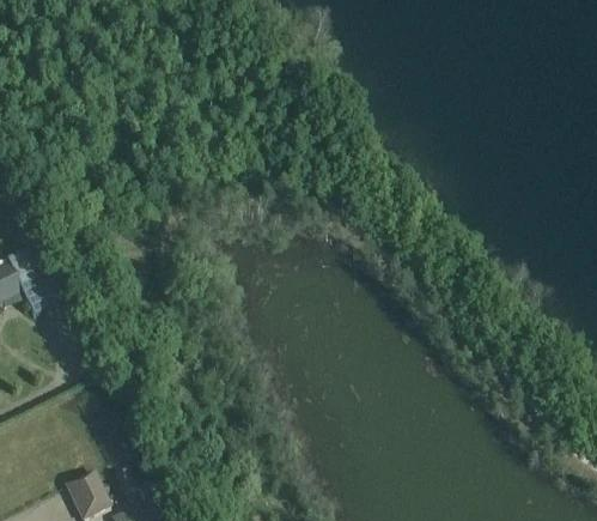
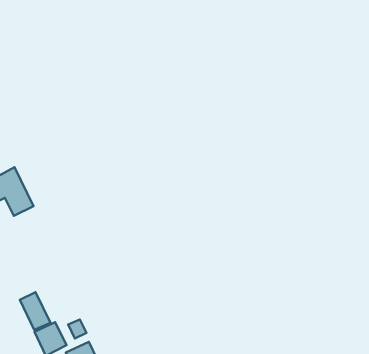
building: none -> [20,292,51,330]

